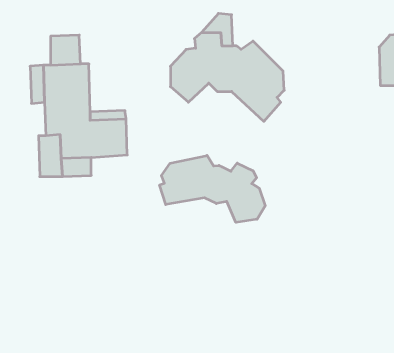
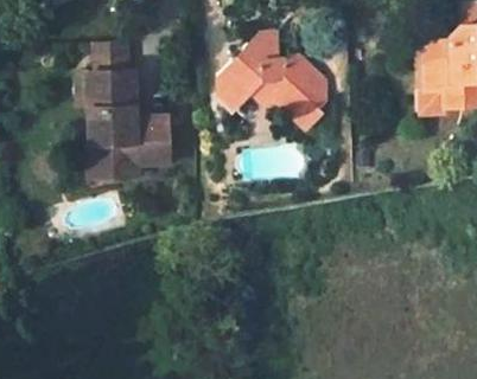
building: [160,155,265,222] -> none

